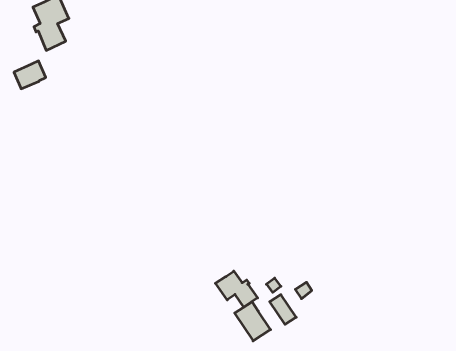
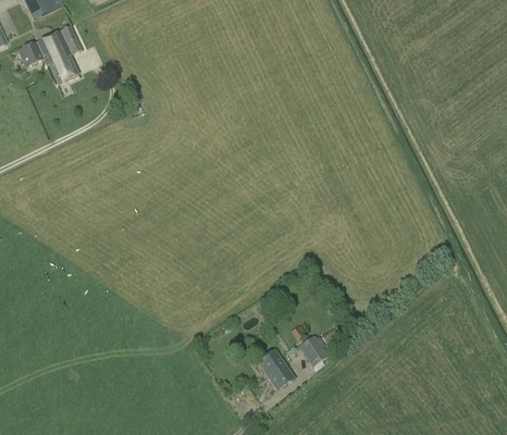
building: [14,61,46,89] -> [18,37,52,66]
building: [215,271,258,307] -> none

